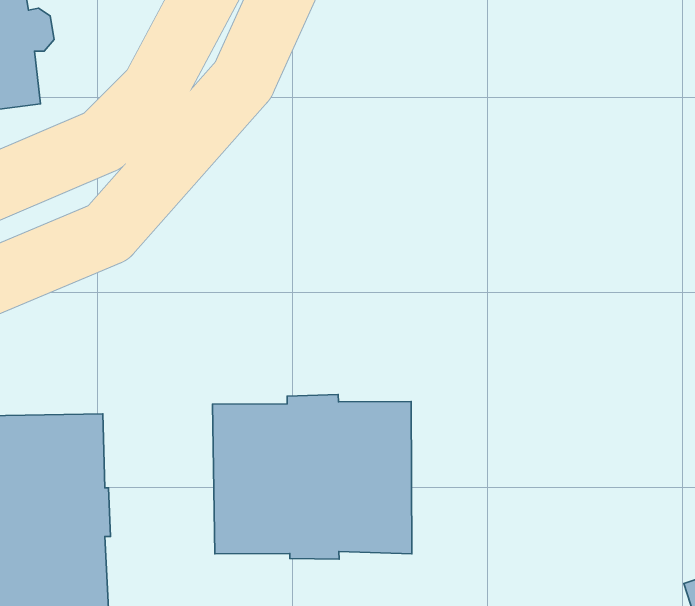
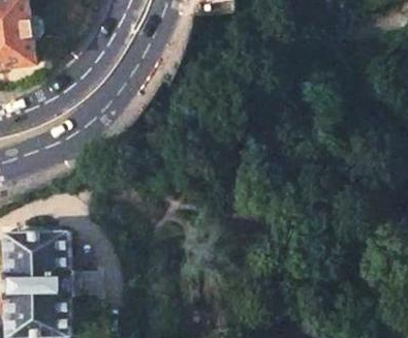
building: [212,394,412,559] -> none

